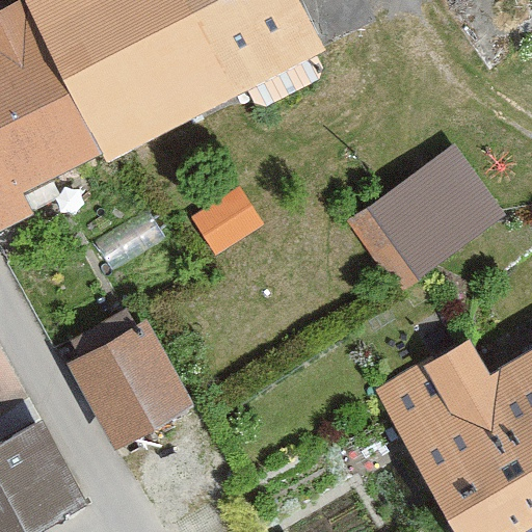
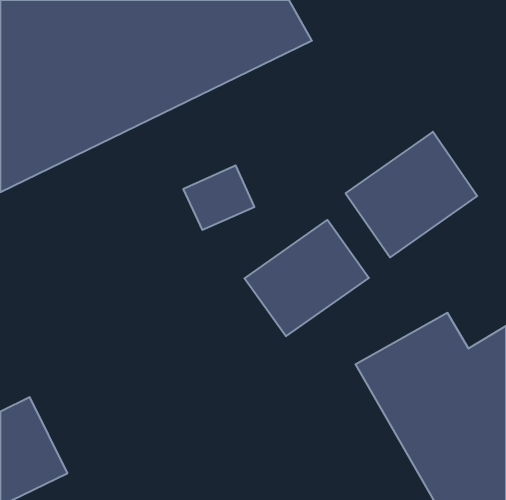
building: none -> [244,220,369,336]
building: [68,318,187,444] -> none

